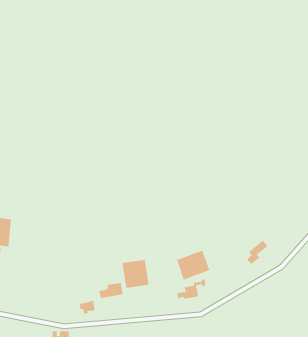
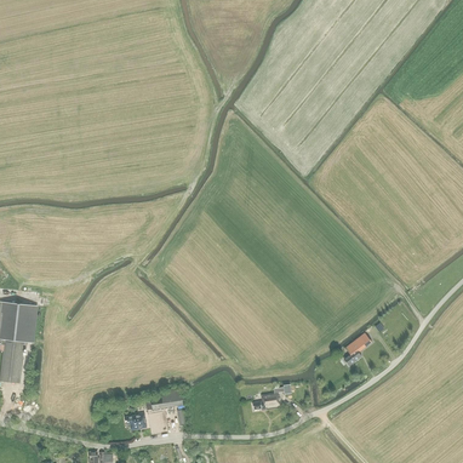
building: [177,250,210,280] -> none
building: [122,259,149,288] -> none

